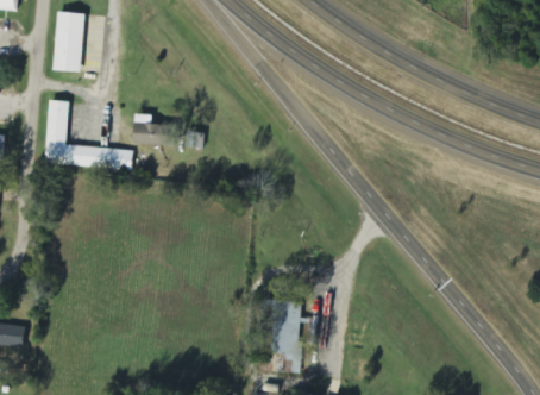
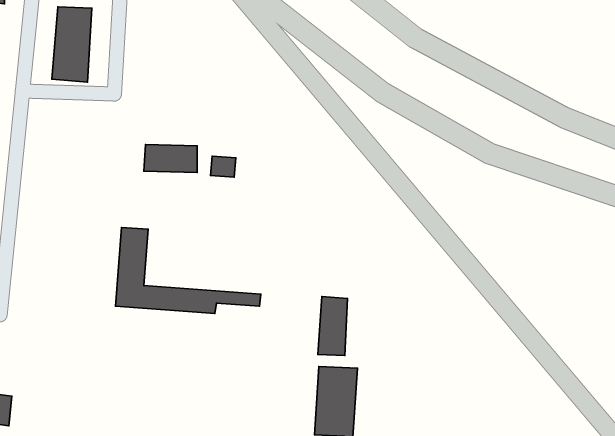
building: [45,99,162,168] -> [116,228,261,314]
building: none -> [318,296,347,355]

